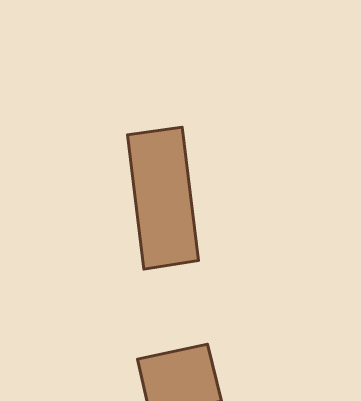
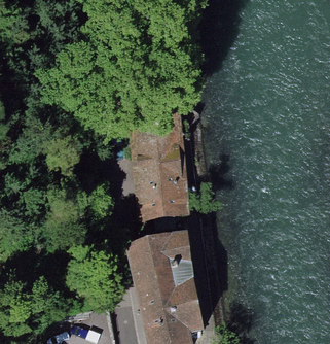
building: none -> [125,229,194,296]

